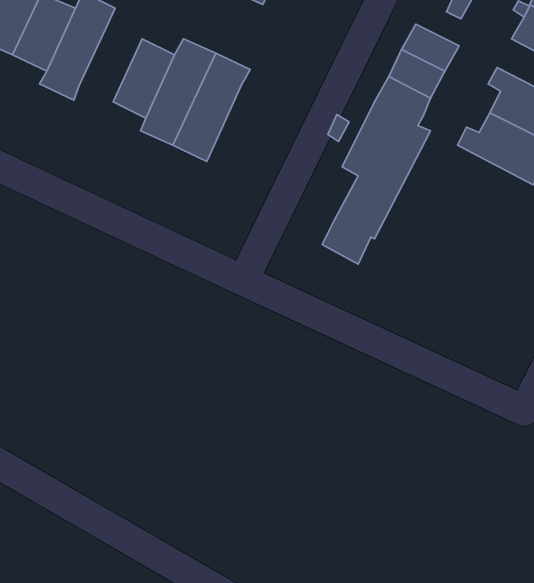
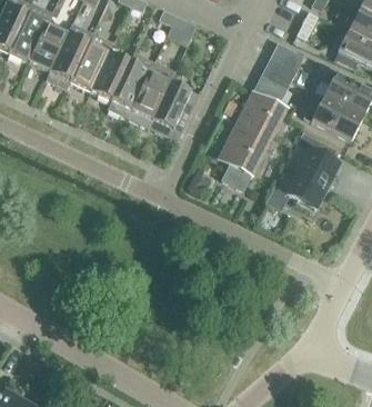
building: none -> [70,33,113,91]
building: none -> [149,81,199,141]
building: none -> [285,132,339,214]

